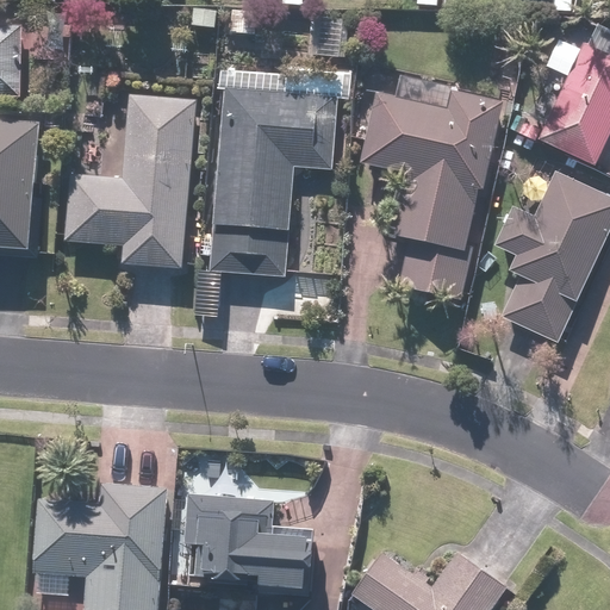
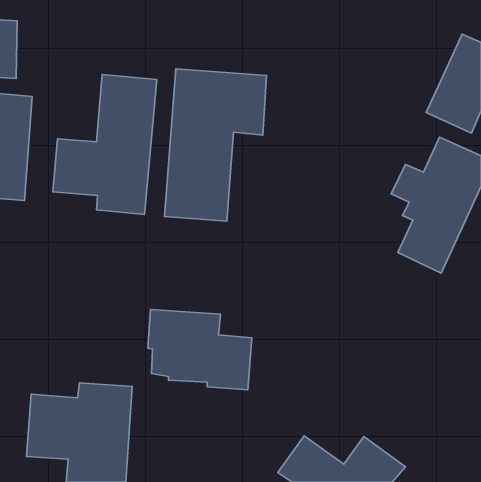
building: [361,89,503,300] -> none
building: [182,494,313,596] -> [148,309,252,390]

